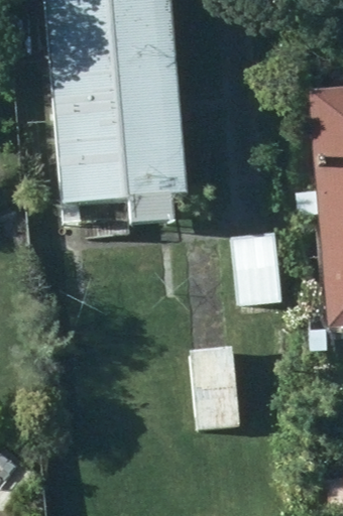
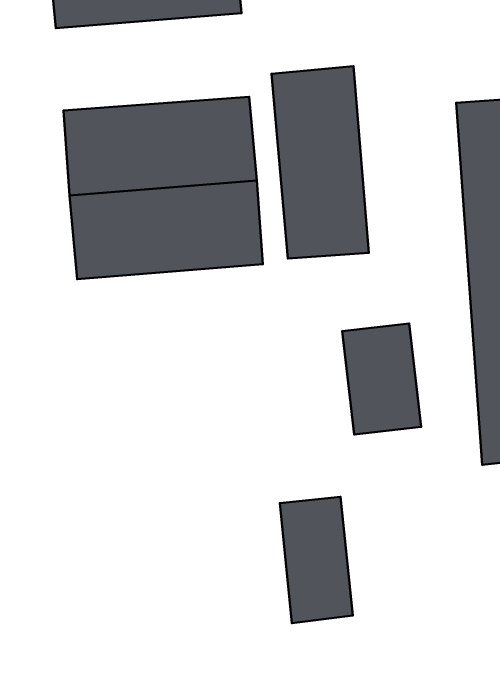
building: [45,28,174,93] -> none
building: none -> [272,66,369,259]

